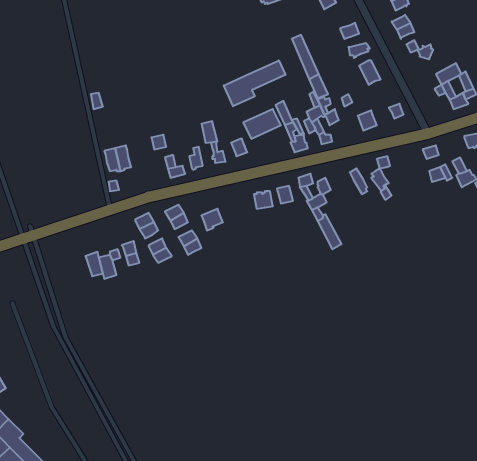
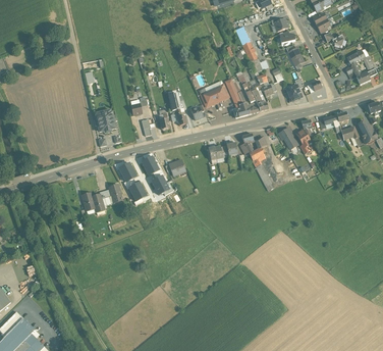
building: [224,60,285,106] -> none

